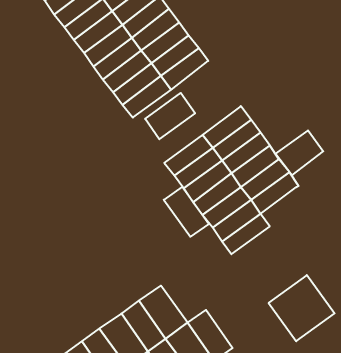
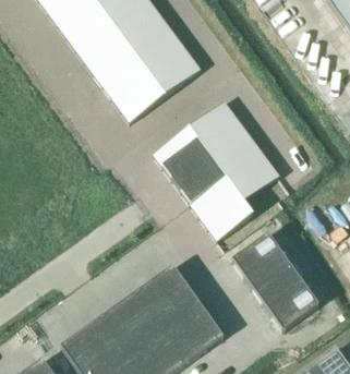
building: [145,93,195,139] -> none
building: [275,130,323,175] -> none
building: [164,187,209,237] -> [155,266,197,313]
building: none -> [231,232,292,294]

